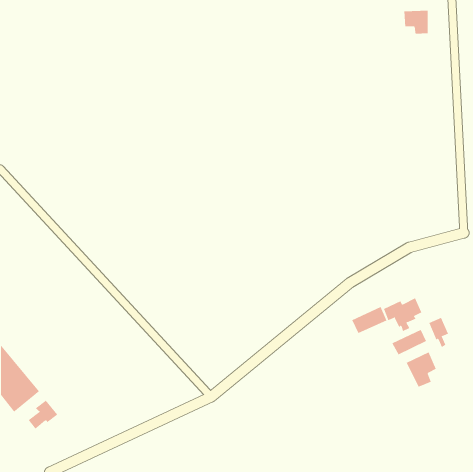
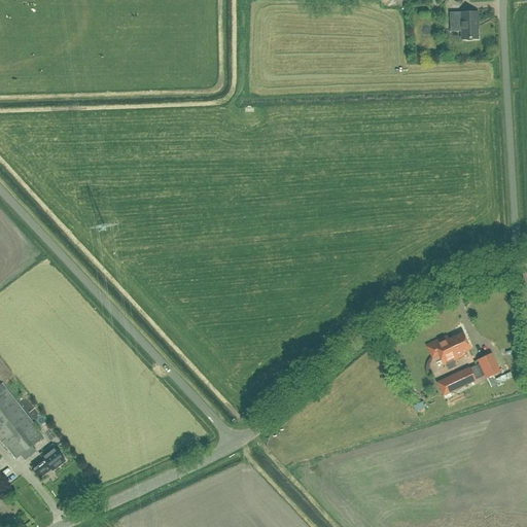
building: [351,306,387,334] -> none
building: [406,352,437,388] -> none

